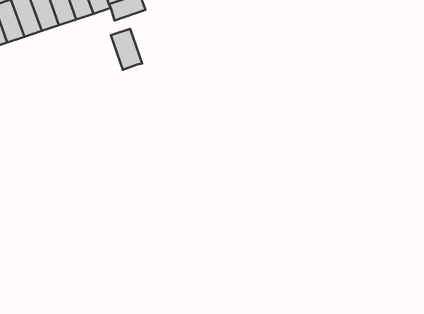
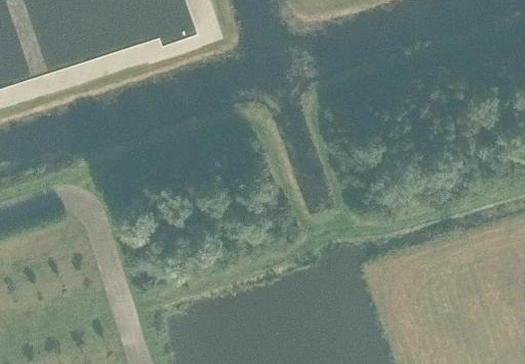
building: [111,29,142,70] -> none

